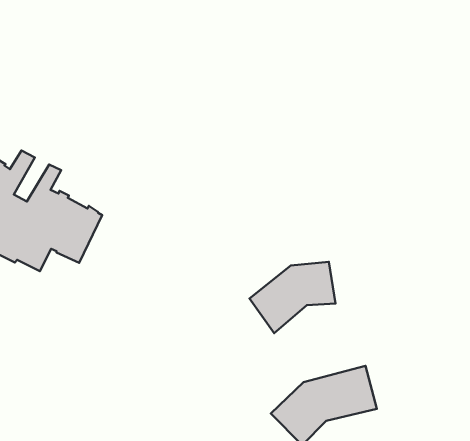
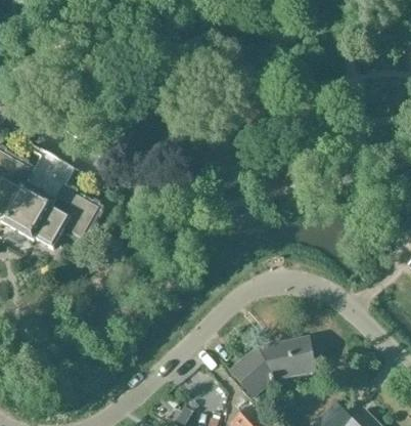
building: [250,262,336,333] -> none

